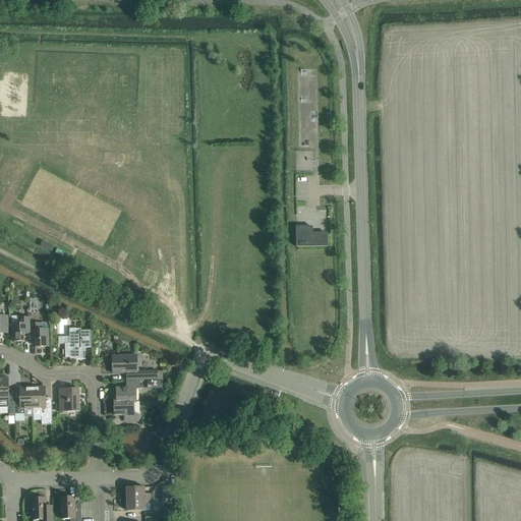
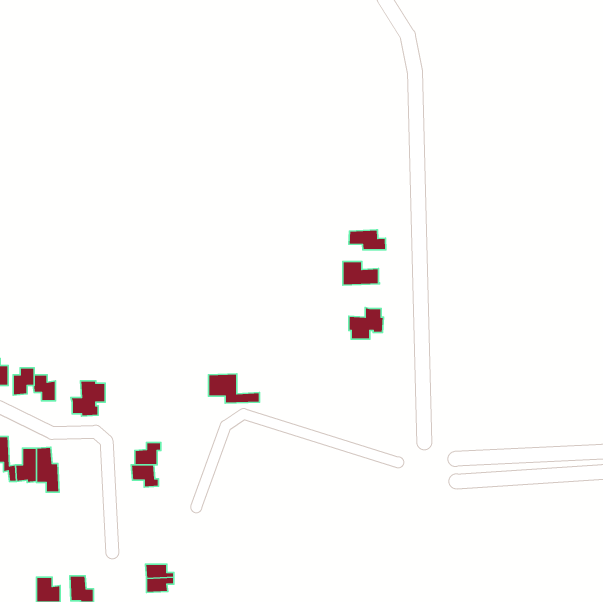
building: none -> [349,230,386,250]
building: none -> [349,307,384,339]
building: [112,353,156,379] -> [208,374,259,403]
building: [59,388,78,410] -> none

